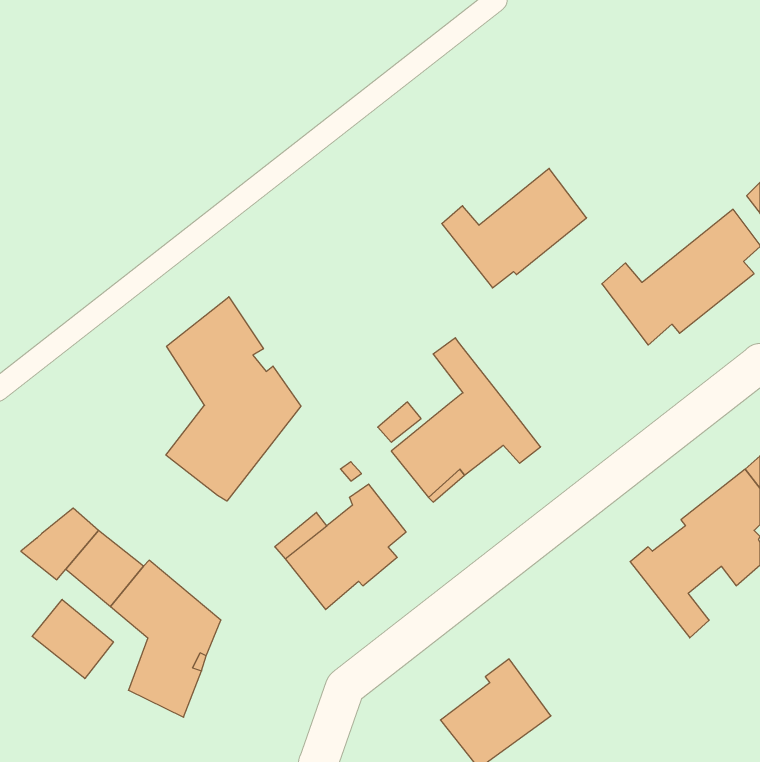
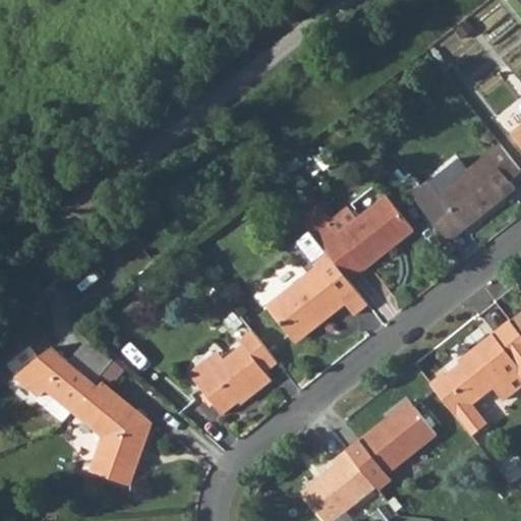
building: [442,168,587,288] -> [312,196,411,278]
building: [166,297,301,501] -> none
building: none -> [357,400,436,474]
building: [32,599,113,679] -> none

